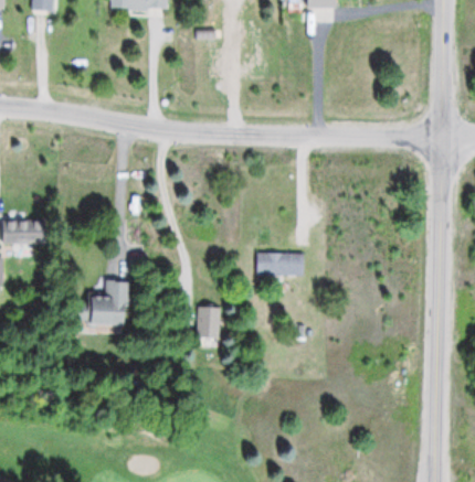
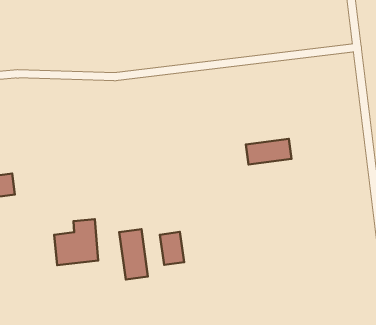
building: [256,253,304,275] -> [246,139,292,165]
building: none -> [119,229,148,279]

